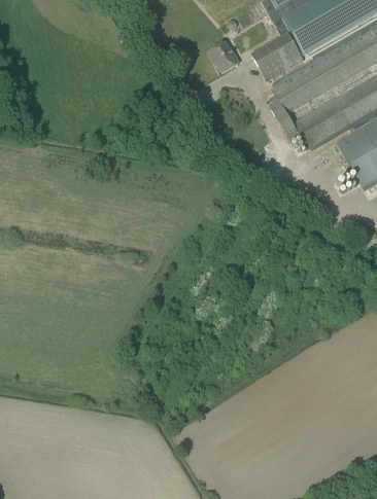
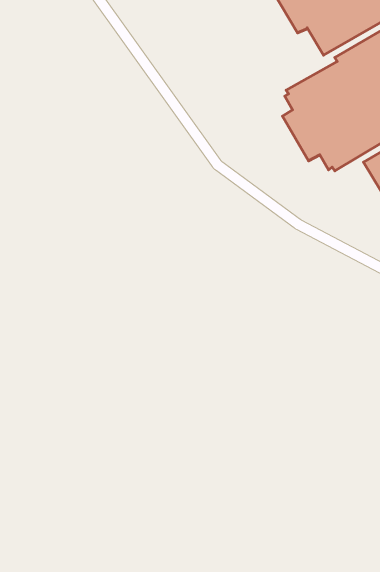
building: [252,31,305,79] -> none
building: [209,40,239,70] -> none

